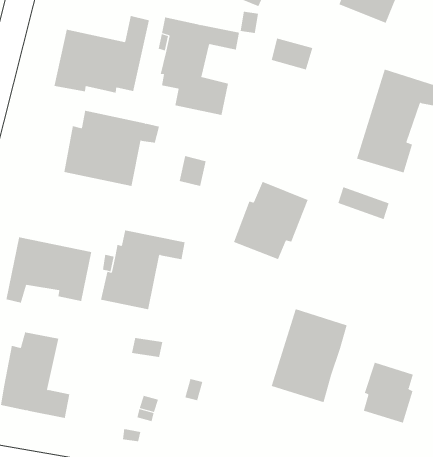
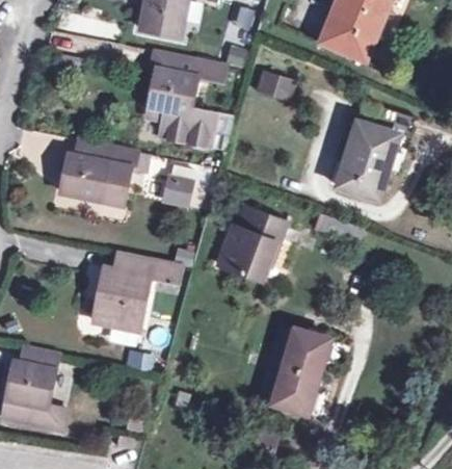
building: [54,15,149,94] -> none
building: [6,236,92,303] -> none
building: [363,362,413,423] -> none

